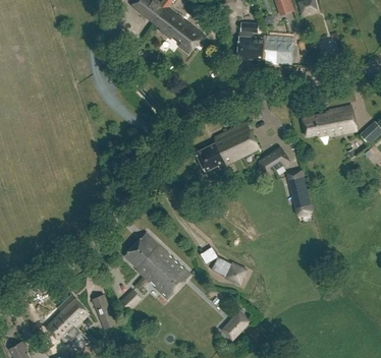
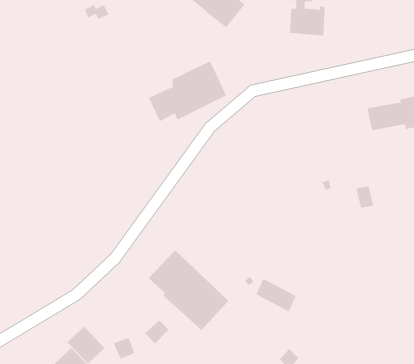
building: [267,34,293,63] -> none
building: [197,121,261,171] -> [148,60,227,122]
building: [260,147,289,174] -> none

